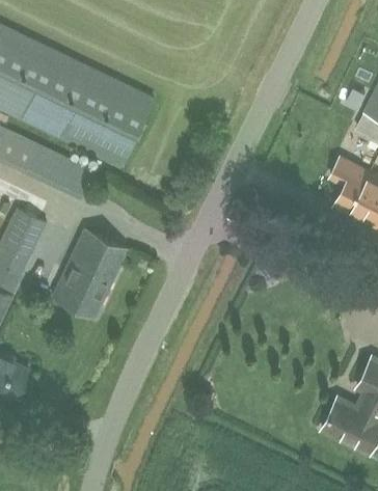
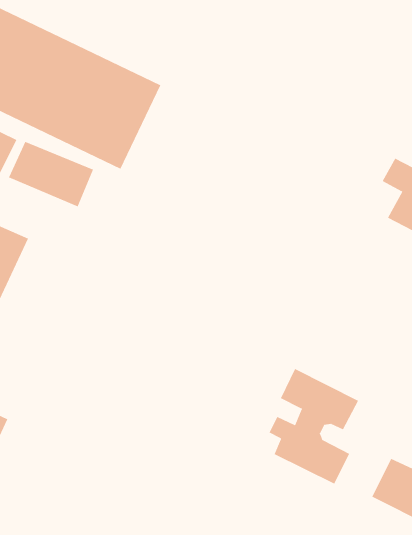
building: [54,228,128,317] -> none
building: none -> [269,368,359,485]

